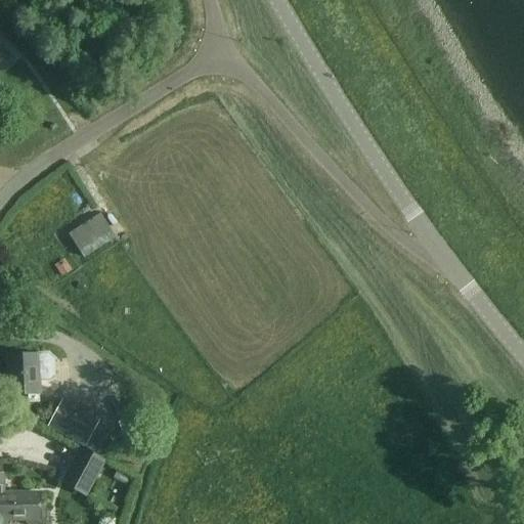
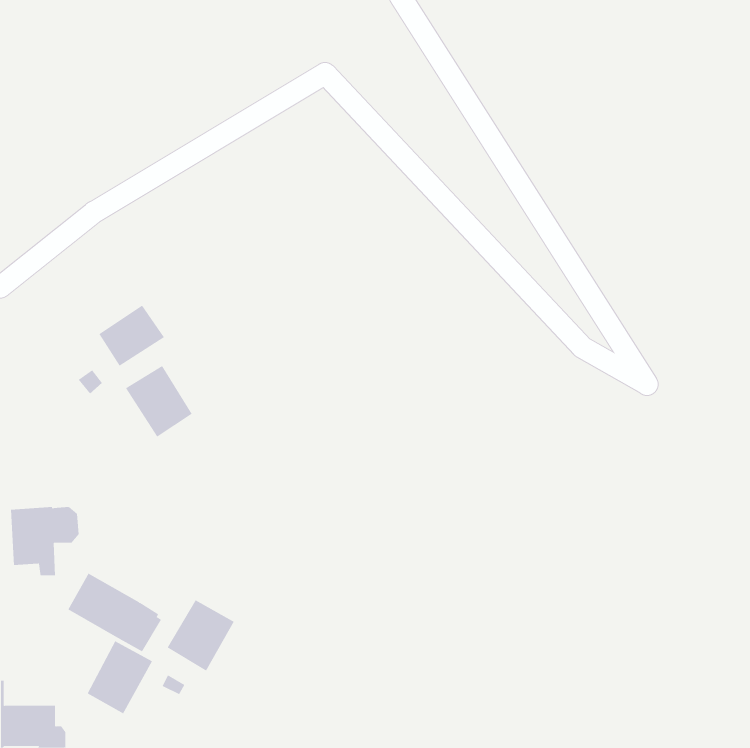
building: none -> [125,365,193,437]
building: none -> [167,600,235,672]

